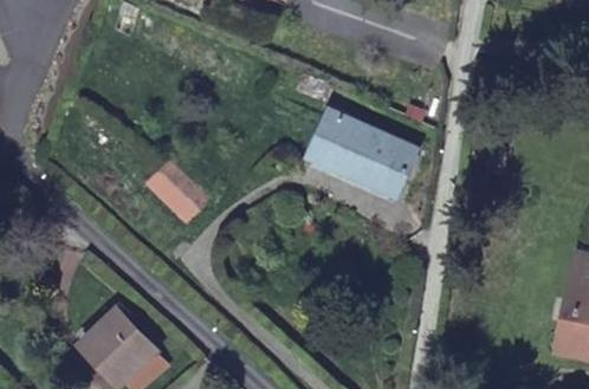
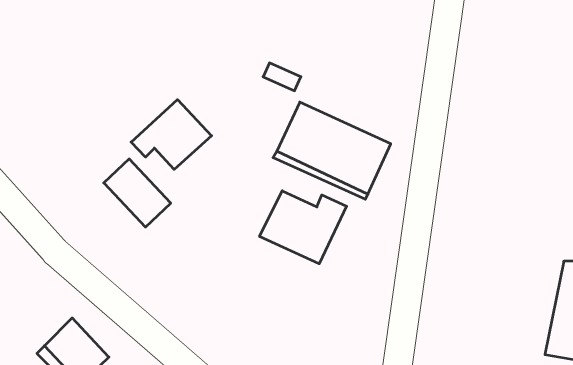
building: none -> [131,100,212,169]
building: none -> [260,191,347,264]

